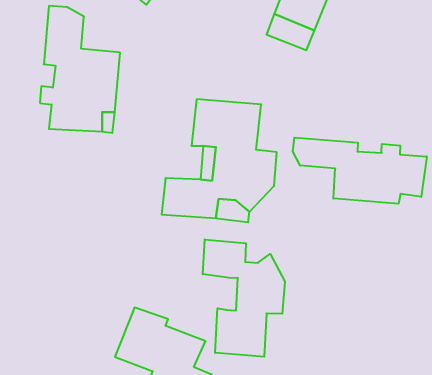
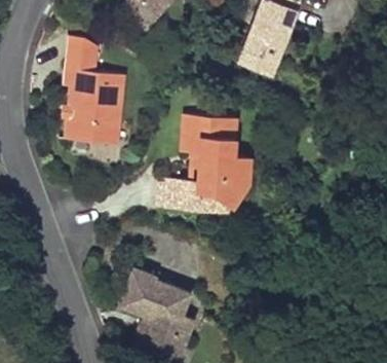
building: [293,138,427,204] -> none
building: [203,239,285,357] -> none

